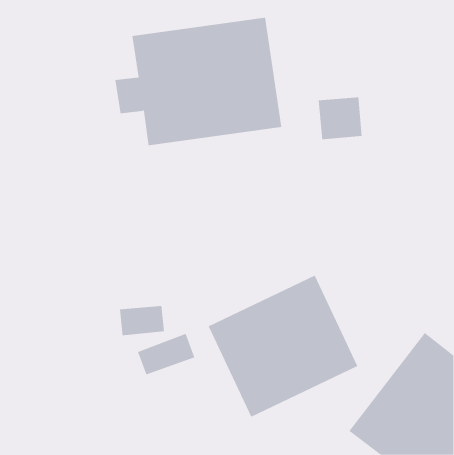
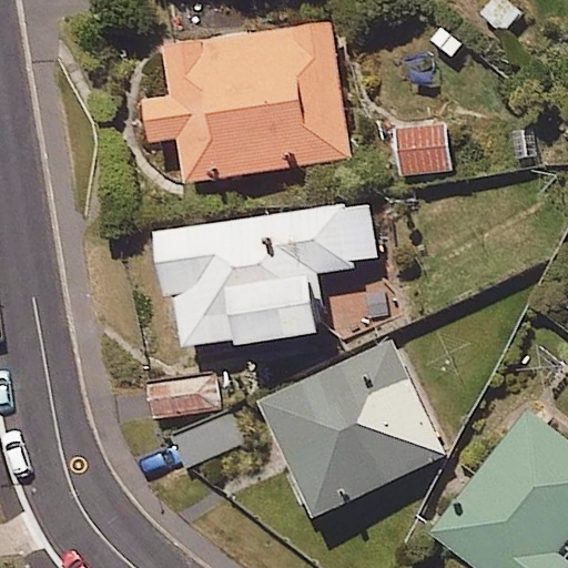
building: none -> [154,202,376,354]

